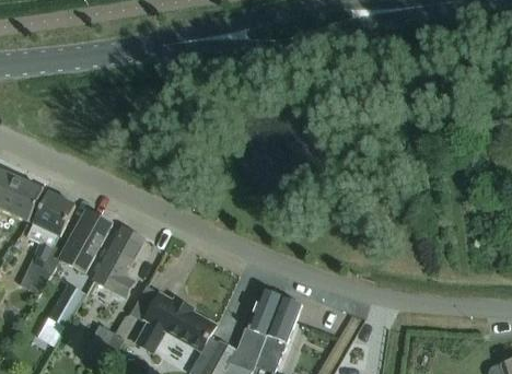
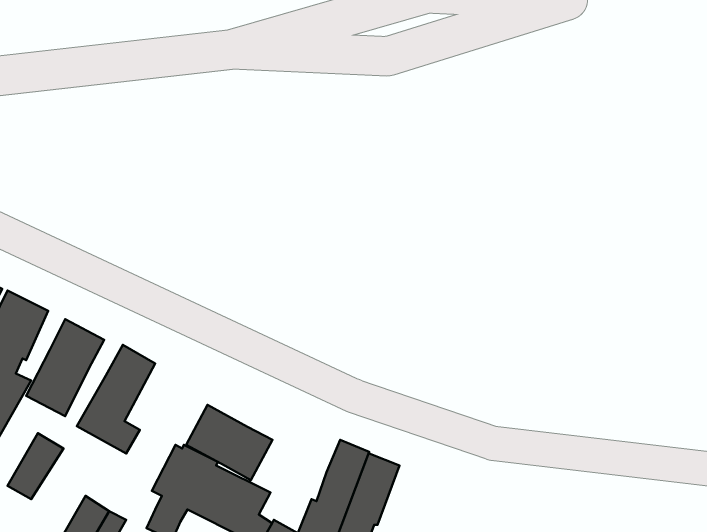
building: none -> [186,405,272,480]

